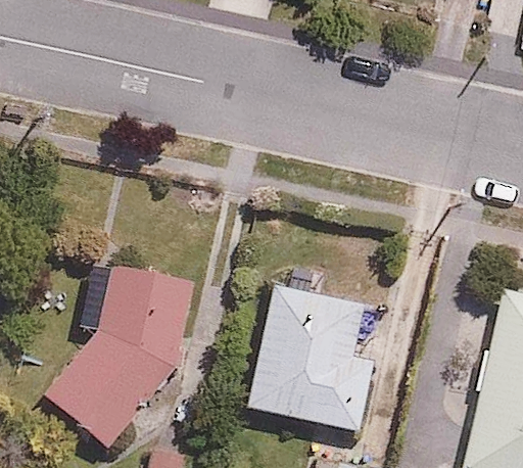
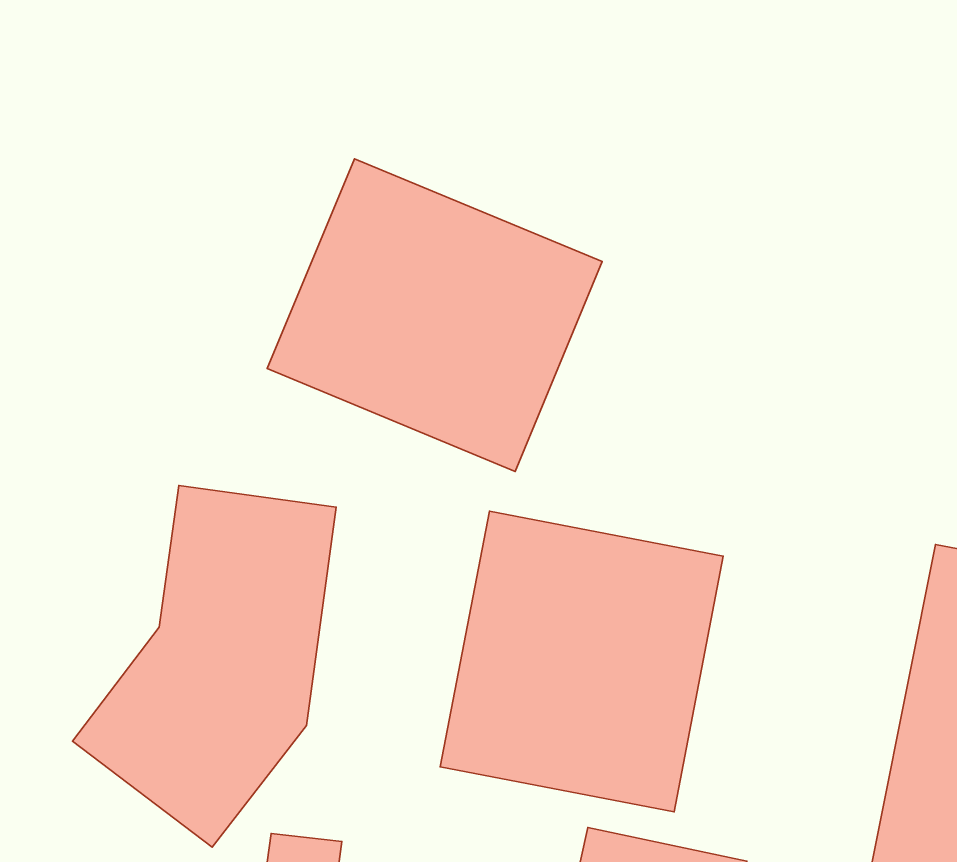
building: none -> [267,159,602,471]

